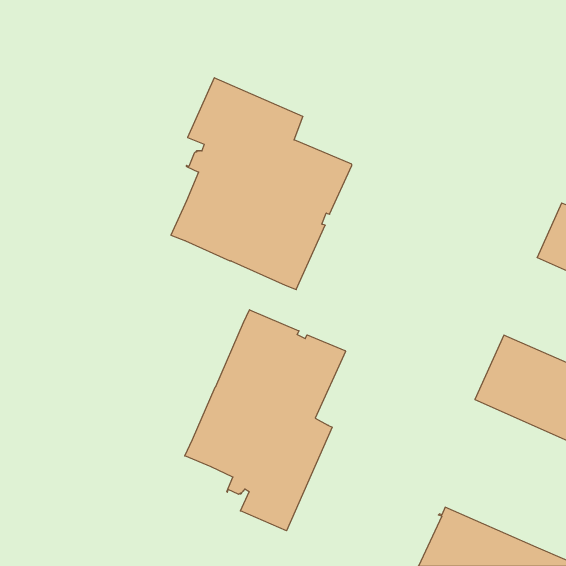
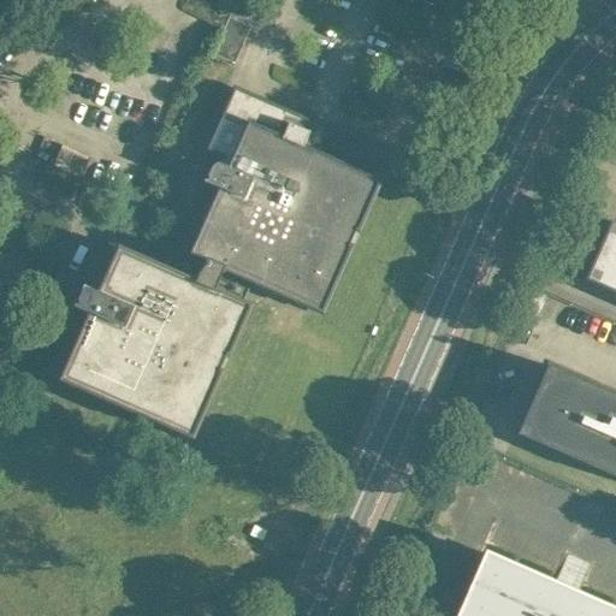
building: none -> [57,244,251,440]
building: [185,310,345,531] -> none

